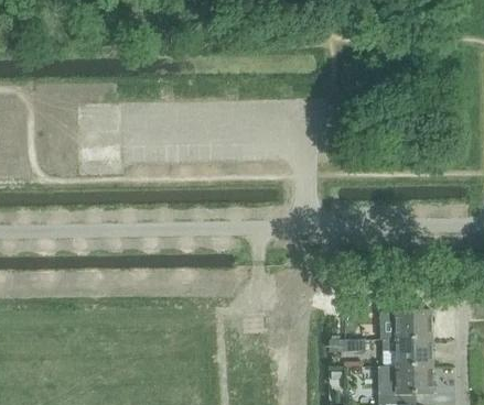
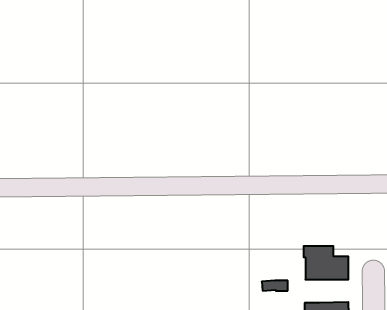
building: [381,339,430,366] -> none

